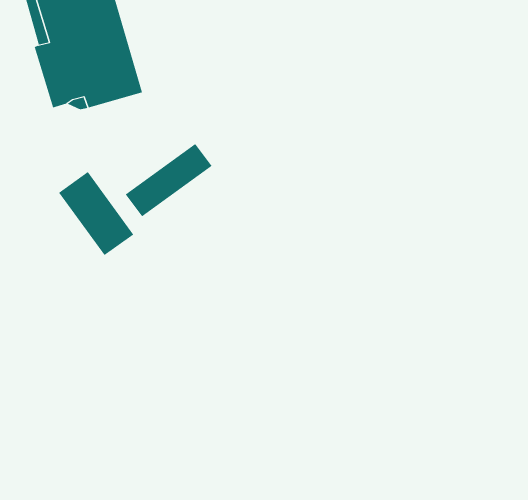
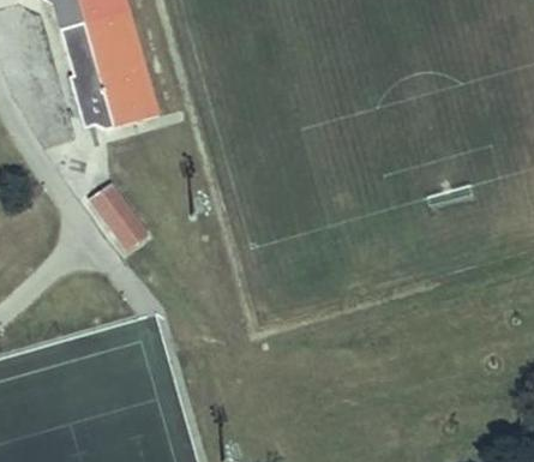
building: [125,143,212,217] -> none

